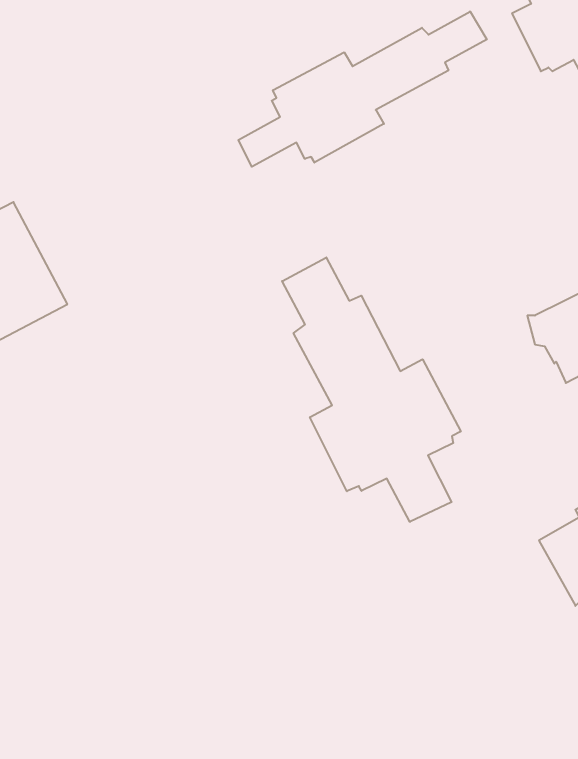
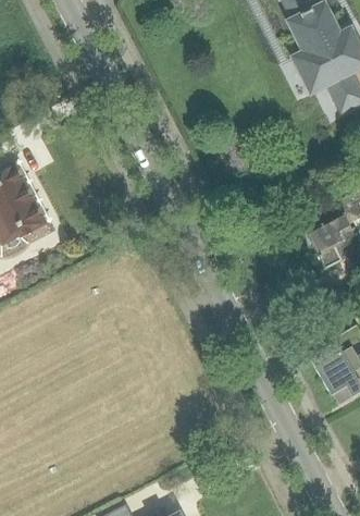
building: [238,11,487,167] -> none
building: [282,257,461,522] -> none

